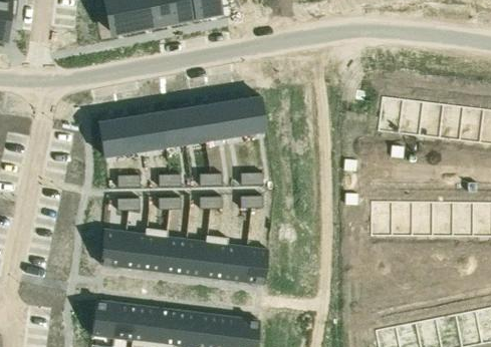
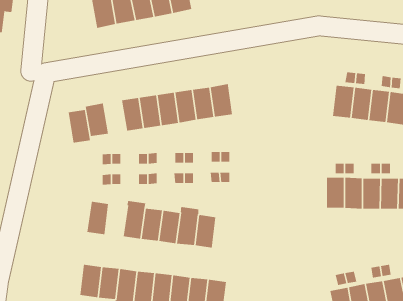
building: [120,114,147,152] -> [68,110,91,143]
building: [122,232,148,269] -> none
building: [244,247,269,284] -> none

